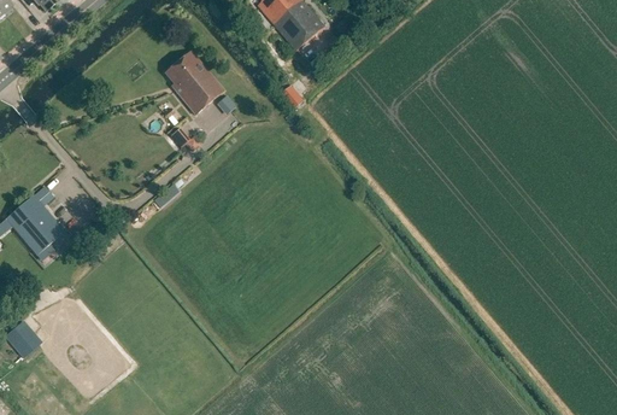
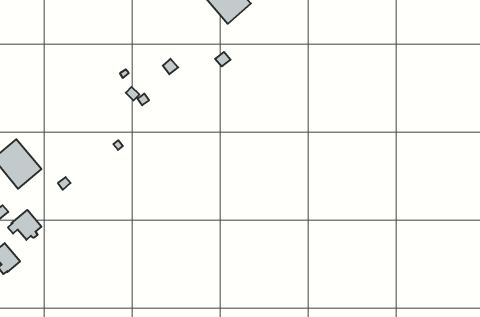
building: [163,49,223,113] -> none
building: none -> [8,210,41,240]

